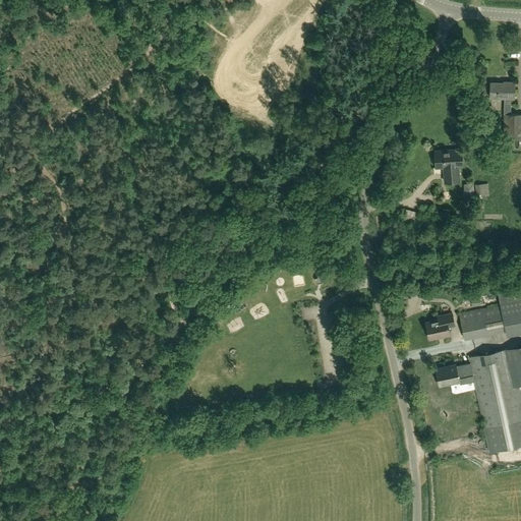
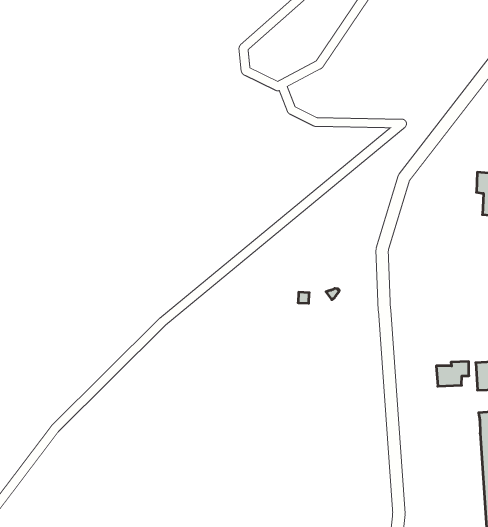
building: [436,363,472,386] -> none

